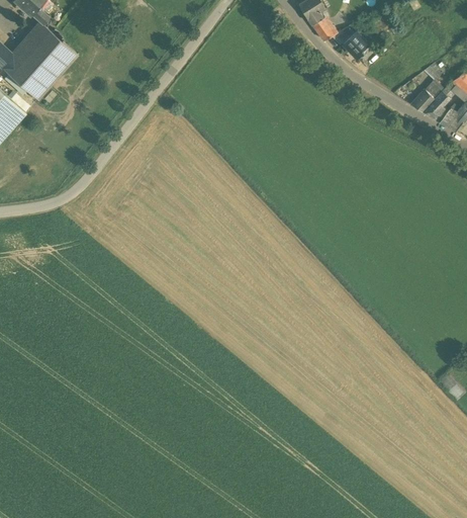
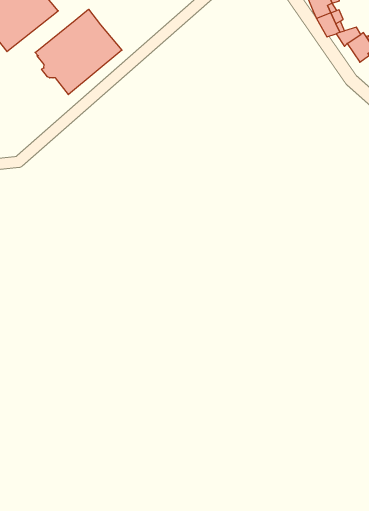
building: none -> [35,9,122,95]

